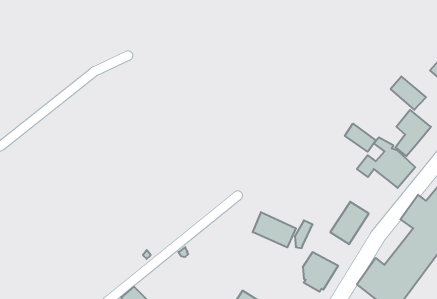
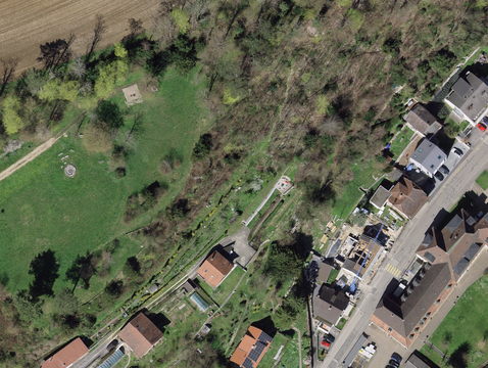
building: [345,124,376,152] -> none
building: [253,212,296,247] -> none
building: none -> [200,255,230,284]

